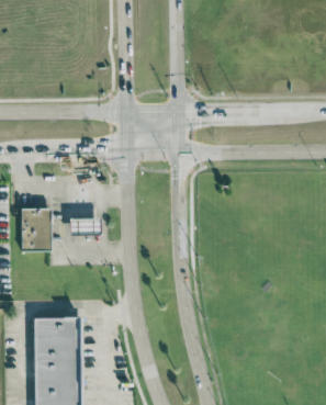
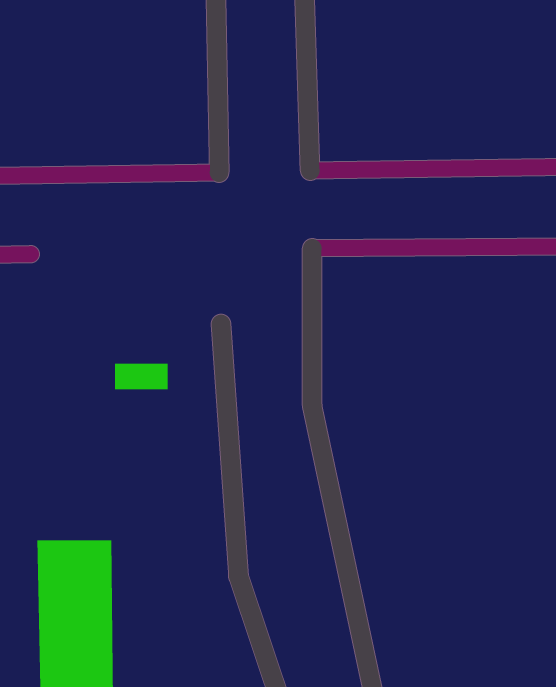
building: [25,209,56,251] -> none

